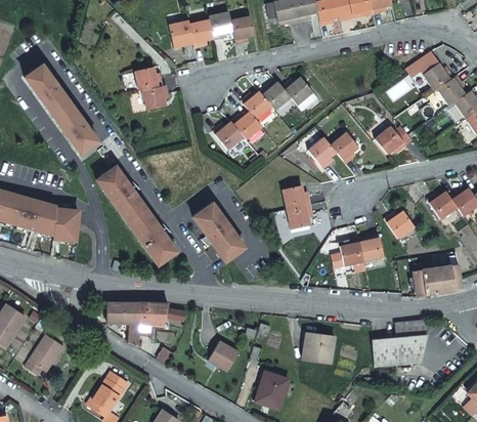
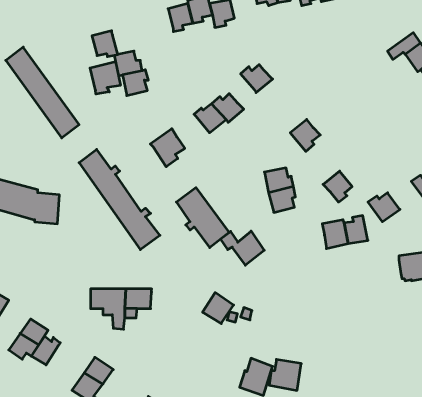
building: [165,23,190,48] -> [92,31,118,57]
building: [279,76,315,111] -> none
building: none -> [90,62,120,94]
building: [238,91,270,120] -> none
building: [374,123,409,153] -> none
building: [329,131,357,162] -> [323,171,352,202]
building: none -> [150,129,185,167]
building: none -> [221,231,264,265]
building: [374,321,427,367] -> none
building: [306,334,338,365] -> [269,359,301,390]
building: [209,340,240,371] -> [203,293,234,324]
building: none -> [31,336,60,365]

